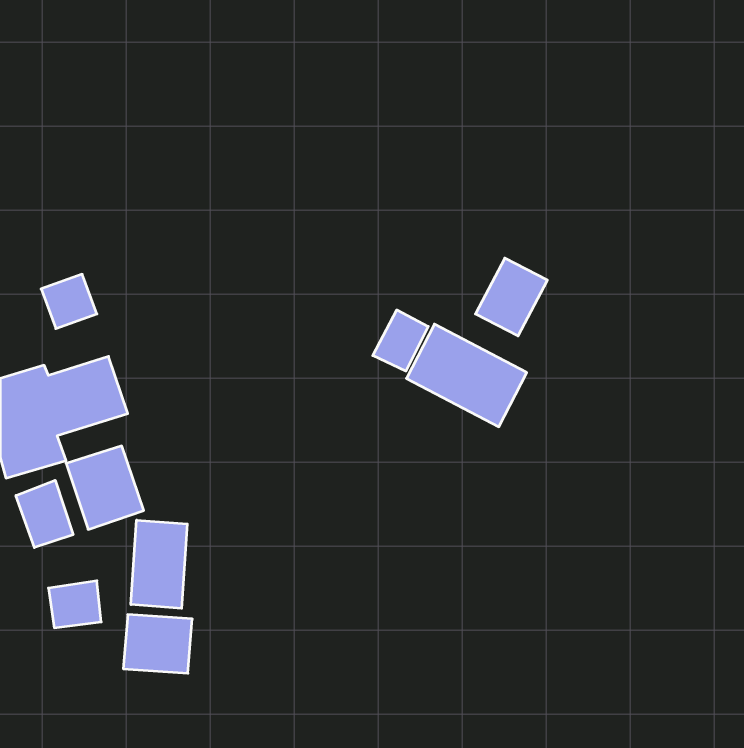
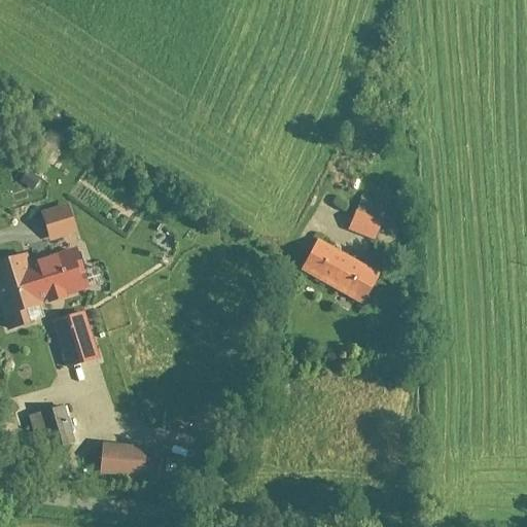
building: [373,310,428,371] -> none
building: [16,480,73,548] -> none
building: [131,520,187,608] -> none

